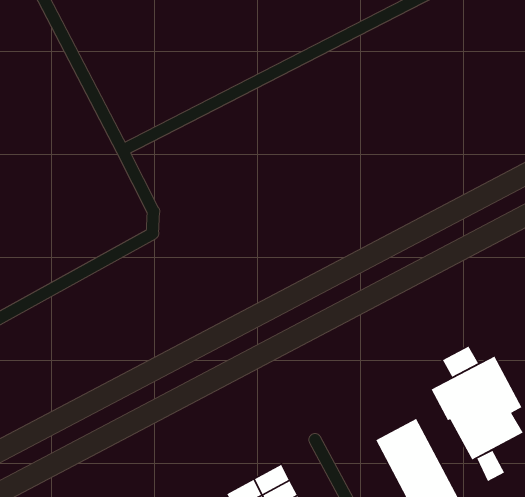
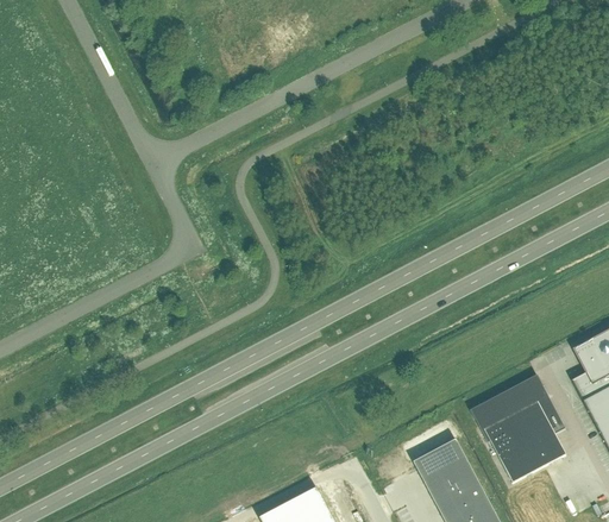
building: [442,345,479,378] -> none
building: [476,450,505,482] -> none

